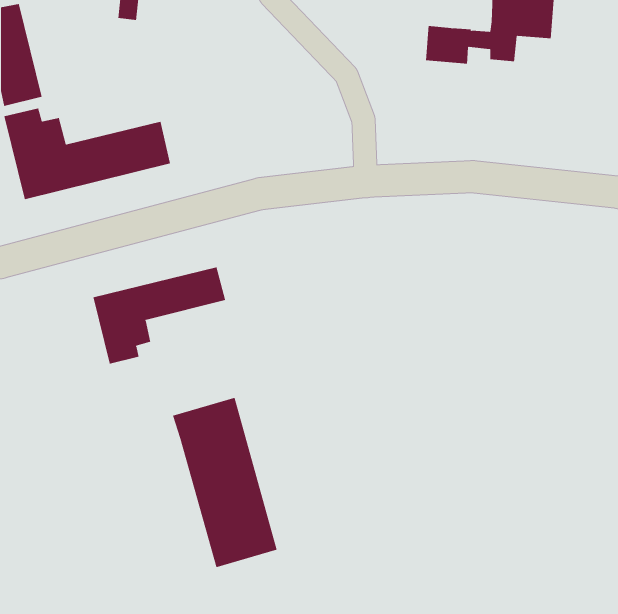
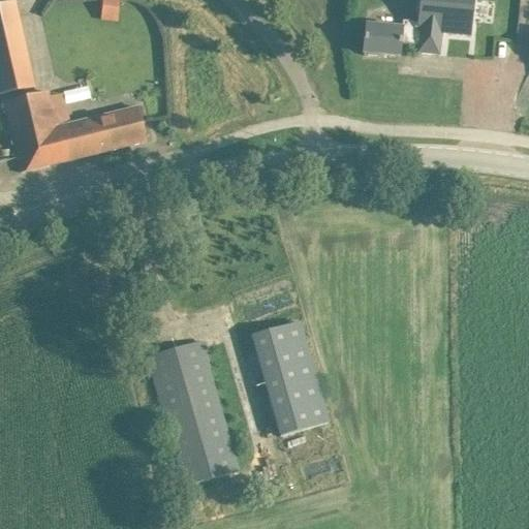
building: [93,267,226,365] -> none
building: none -> [252,320,329,434]

